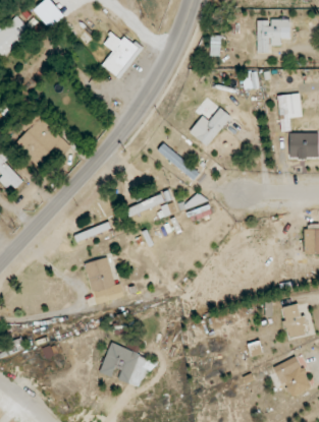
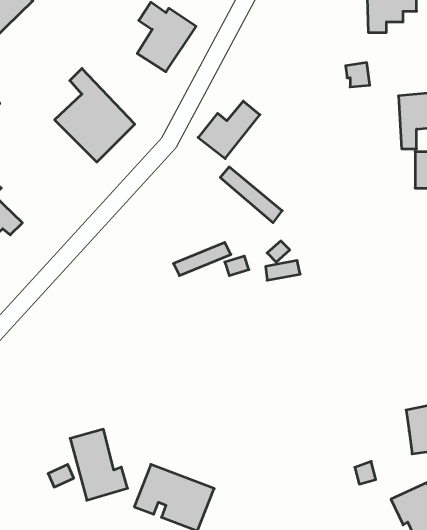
building: [189,107,230,145] -> [198,101,260,159]
building: [14,108,68,171] -> [55,68,135,162]
building: [85,256,123,304] -> [70,429,128,500]

